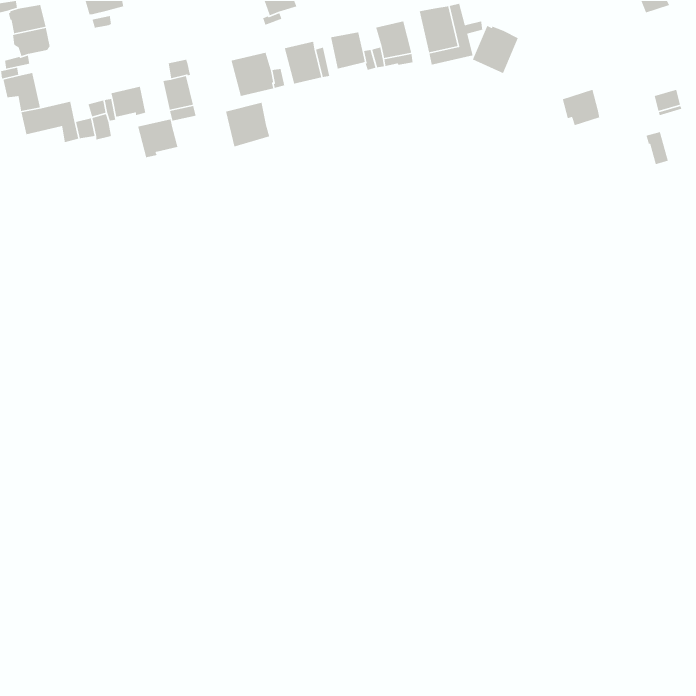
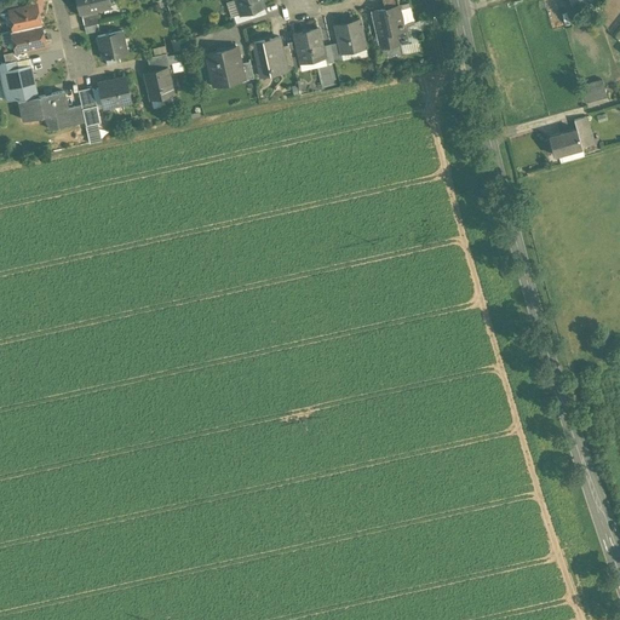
building: [472,25,519,74] -> none
building: none -> [97,31,126,59]
building: [562,89,600,126] -> [549,130,582,162]
building: [225,102,270,148] -> none
building: [137,118,179,158] -> none

